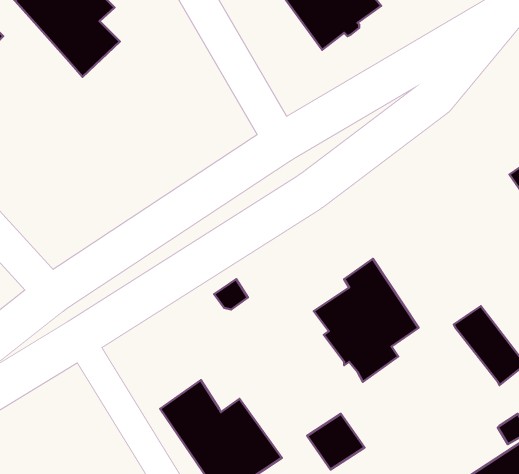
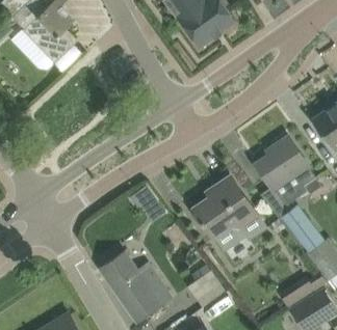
building: none -> [256,136,316,204]

